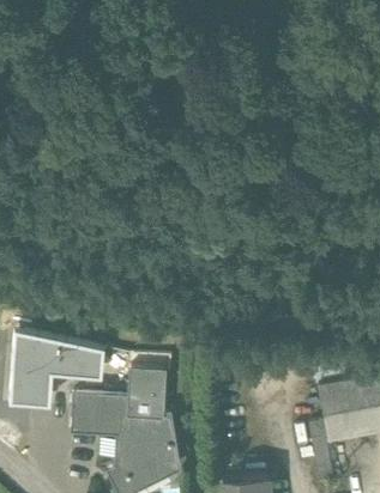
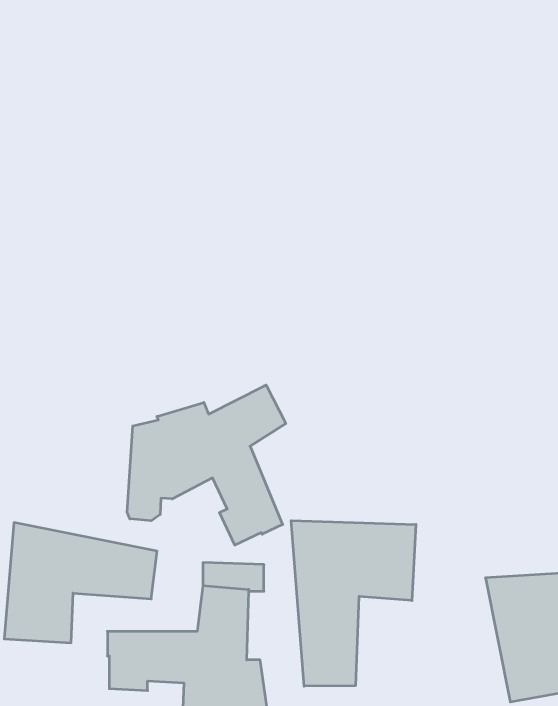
building: none -> [127,385,286,545]
building: none -> [291,521,416,686]

